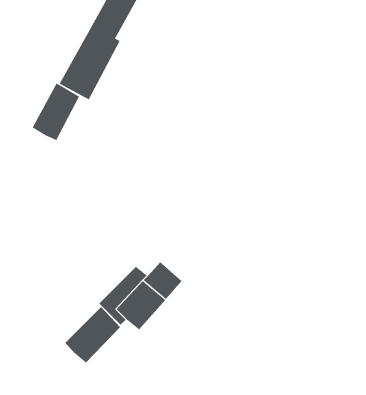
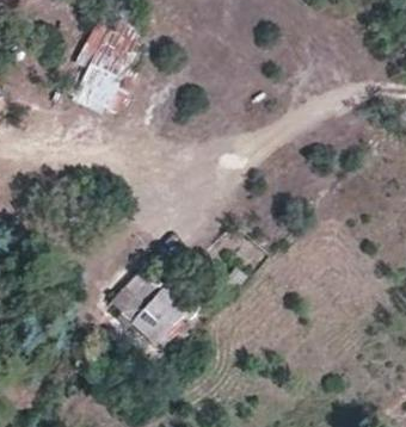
building: [32,83,80,141] -> none
building: [64,306,121,363] -> none

